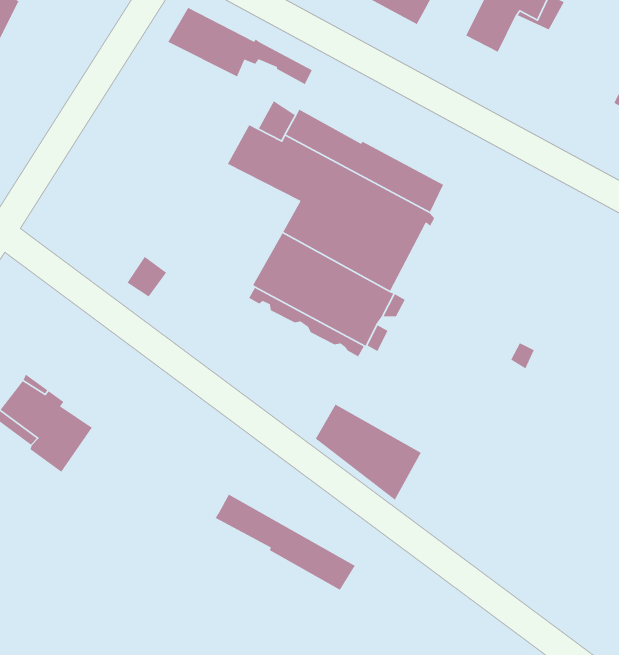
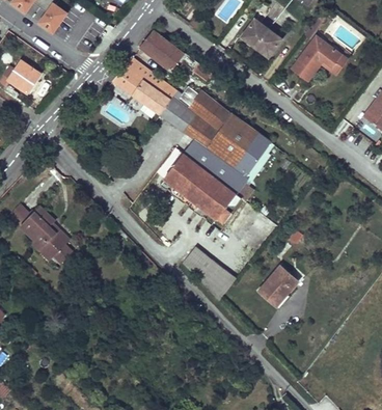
building: none -> [112,57,175,114]
building: none -> [258,266,296,307]
building: [215,494,356,591] -> none

